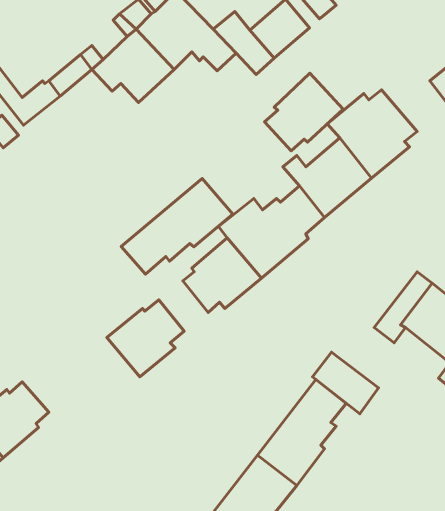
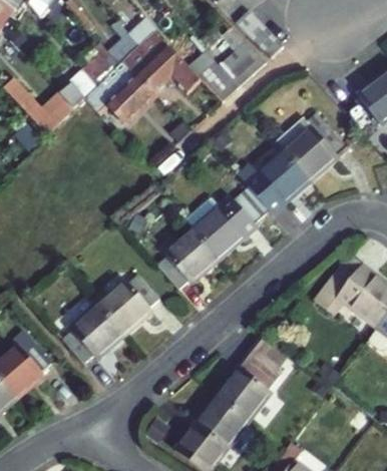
building: [265,73,343,151] -> none
building: [121,178,233,274] -> none
building: none -> [61,304,124,364]
building: [313,352,379,414] -> none

